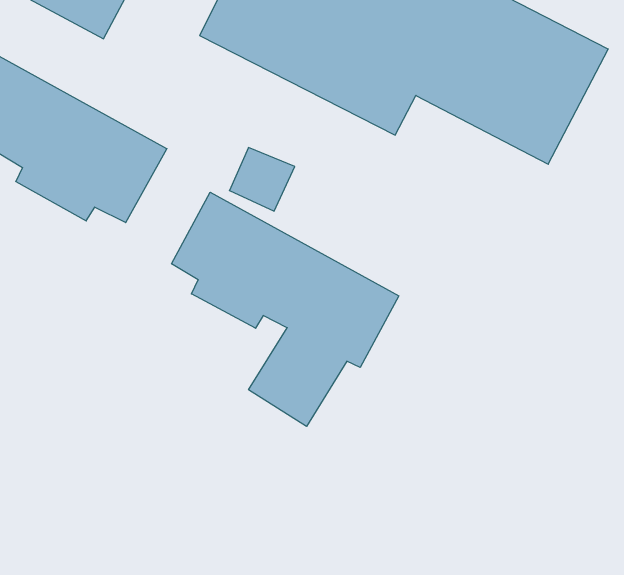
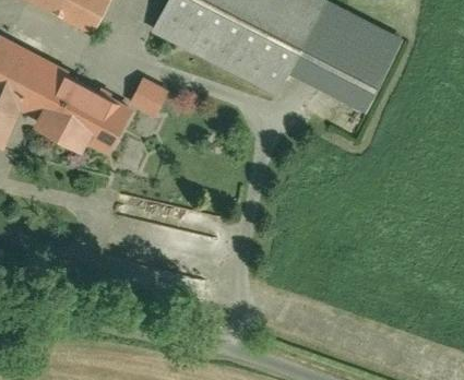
building: [229,148,295,211] -> [131,76,172,117]
building: [172,192,399,426] -> none

